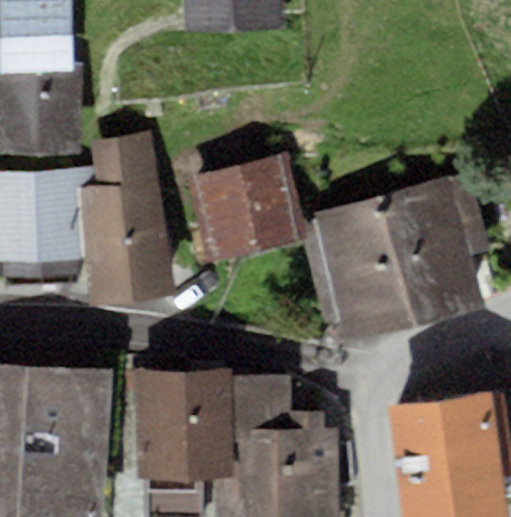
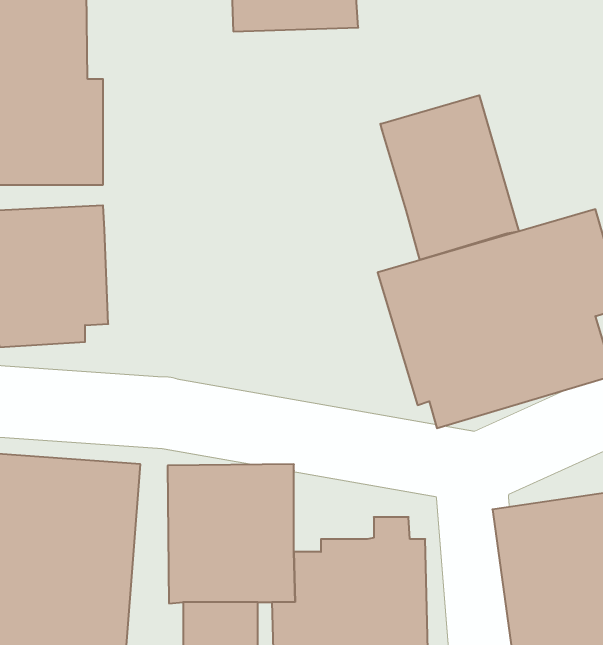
building: none -> [380,95,519,260]
building: [84,133,178,303] -> none
building: [189,157,300,263] -> none
building: [232,376,290,439] -> none

